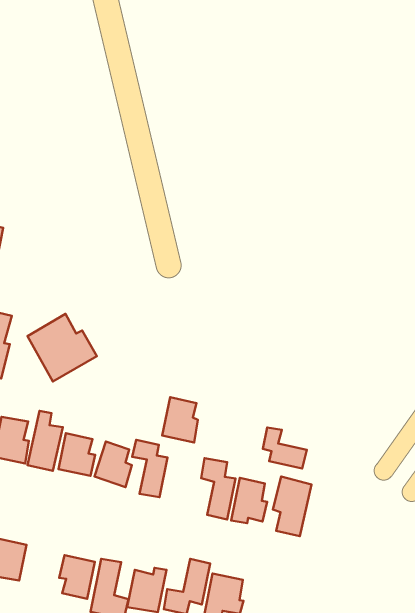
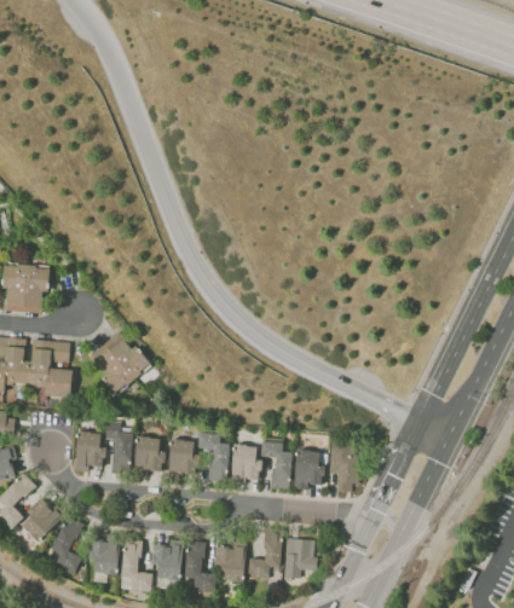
building: [162,397,198,442] -> [231,445,260,481]
building: [263,427,307,468] -> none
building: none -> [121,542,151,591]

